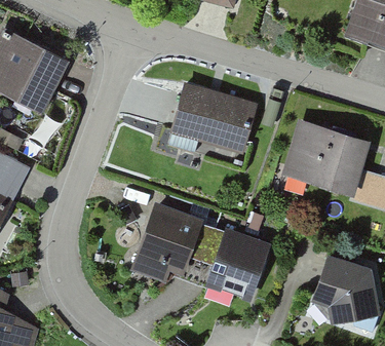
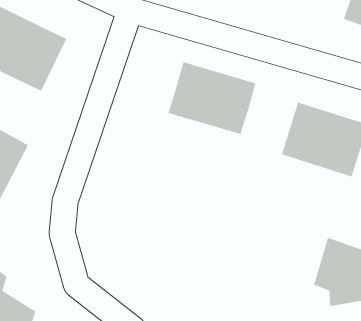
building: [129,198,270,299] -> none

